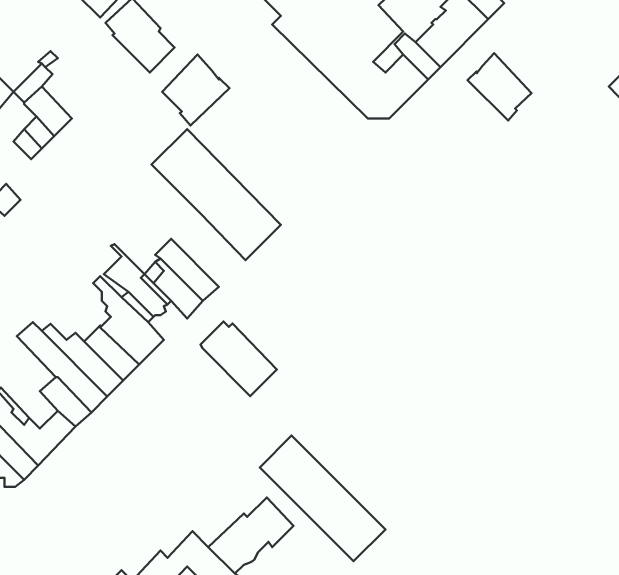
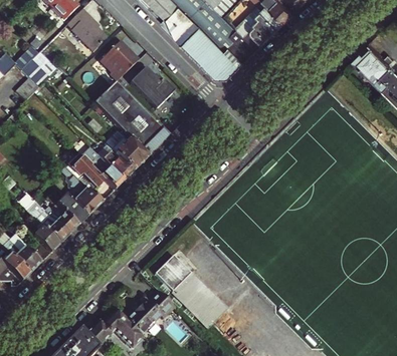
building: [468,53,532,121] -> none
building: none -> [129,68,174,109]
building: [201,322,277,396] -> [104,130,147,172]

